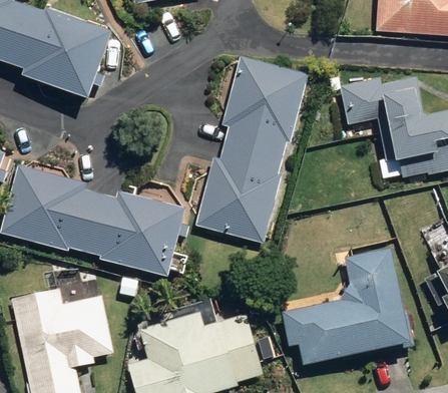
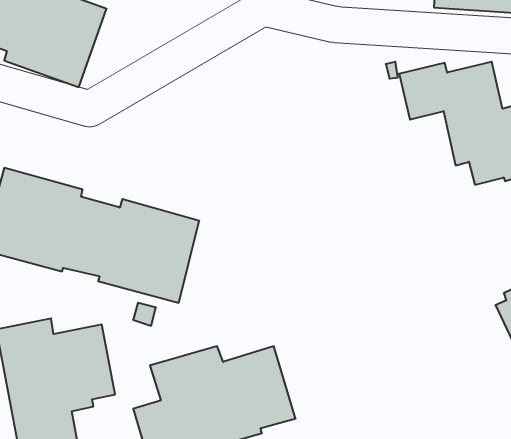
building: [196,56,307,241] -> none
building: [282,248,405,363] -> none

